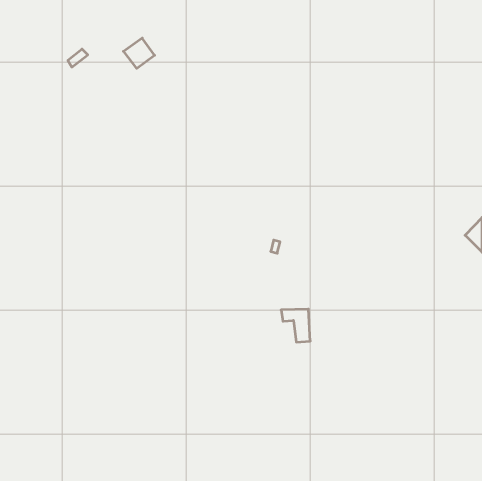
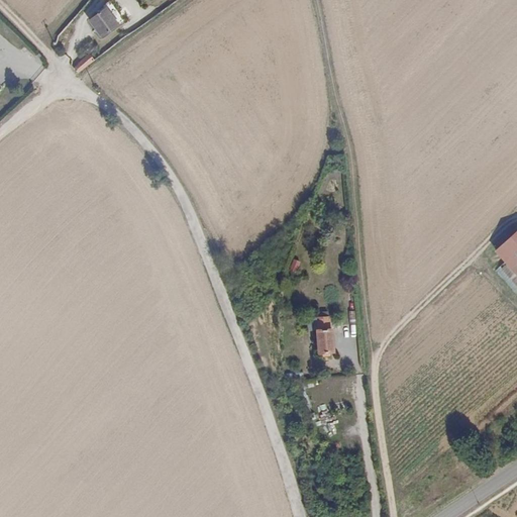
building: [123,38,155,68] -> [87,4,120,36]

